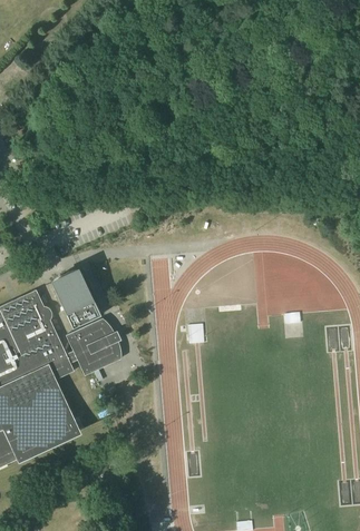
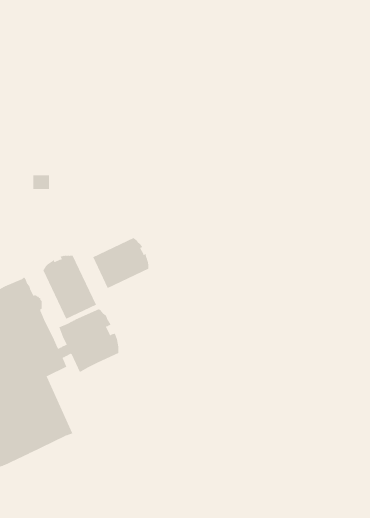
building: none -> [93,237,149,289]

